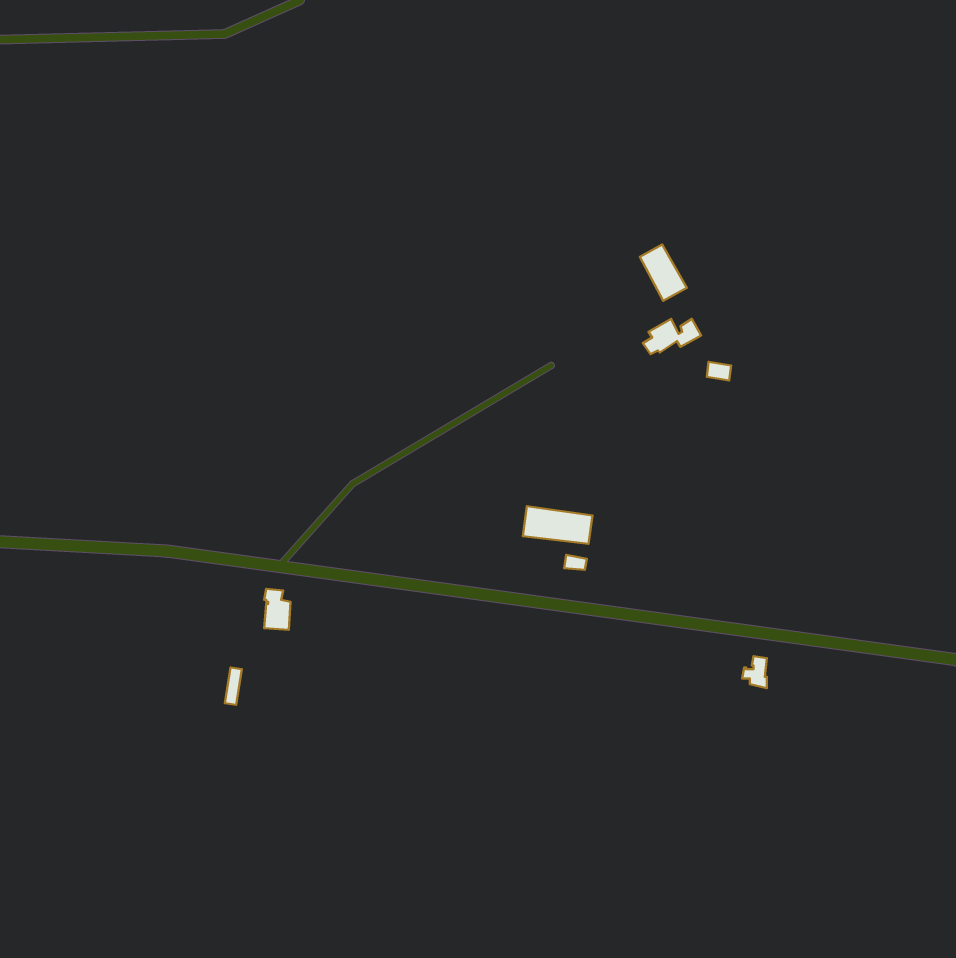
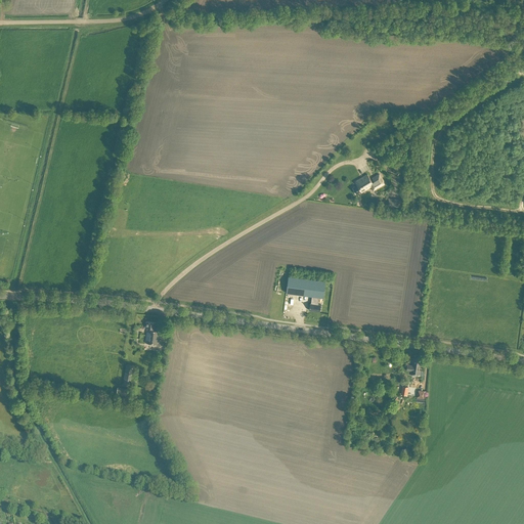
building: [640,244,687,301] -> none

